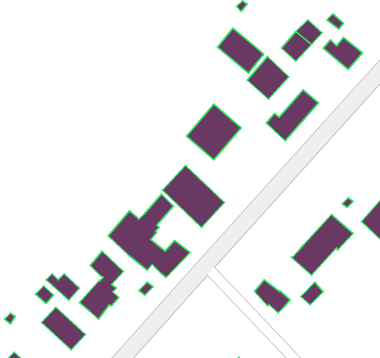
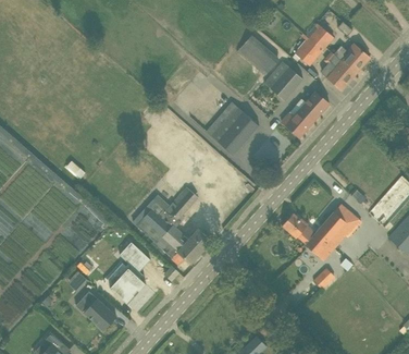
building: none -> [321,51,357,89]
building: [162,166,224,227] -> none
building: [255,280,290,313] -> [284,213,317,244]

